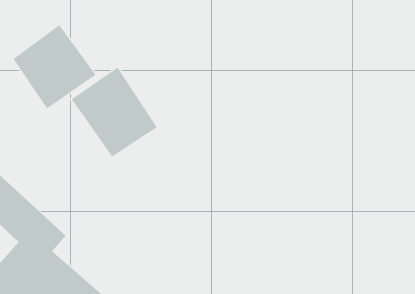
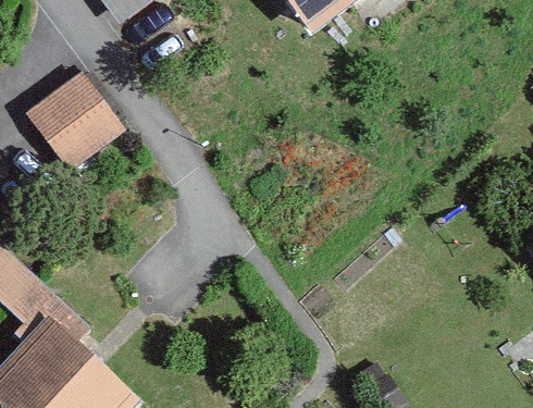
building: [71,67,158,157] -> none

